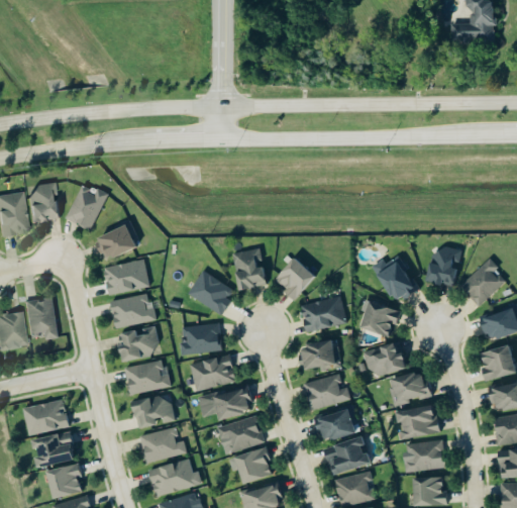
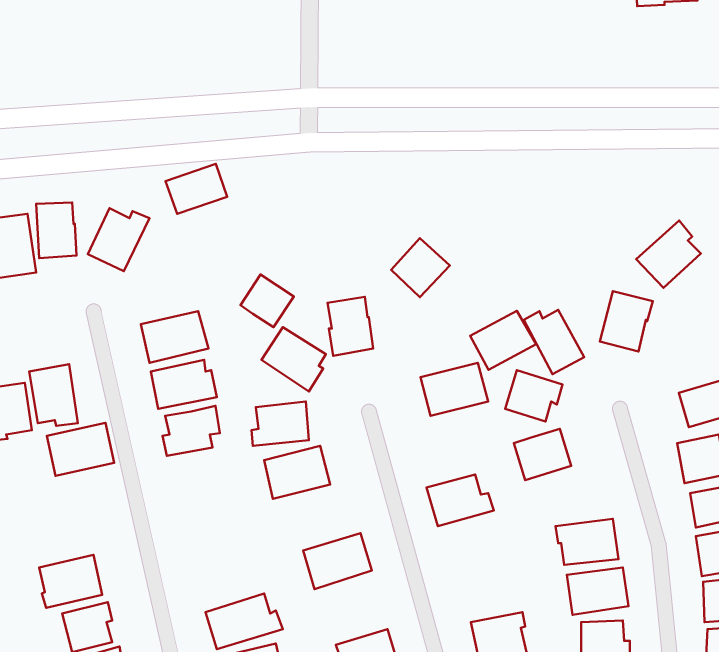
building: [95,223,138,259] -> [166,164,227,214]
building: none -> [240,275,294,327]
building: [274,257,315,298] -> [391,238,450,297]
building: [460,258,506,305] -> [636,221,701,288]
building: none -> [470,311,536,370]
building: [302,341,338,368] -> none
building: [125,360,170,394] -> none
building: [389,371,429,406] -> none
building: [198,385,252,420] -> none
building: [131,395,175,428] -> none
building: [22,398,70,435] -> [47,423,114,476]
building: [315,407,358,441] -> none
building: [140,426,187,464] -> none
building: [326,436,371,475] -> none
building: [233,446,272,484] -> none

